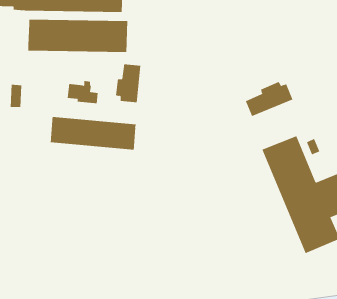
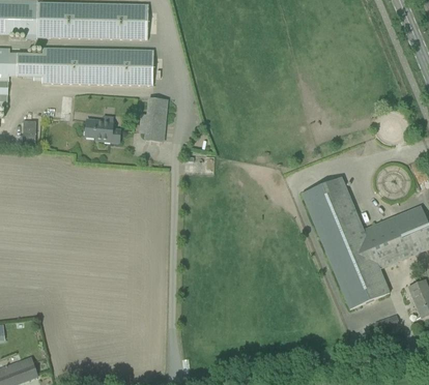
building: none -> [15,52,41,77]
building: [245,81,293,117] -> none
building: [50,116,136,150] -> none

